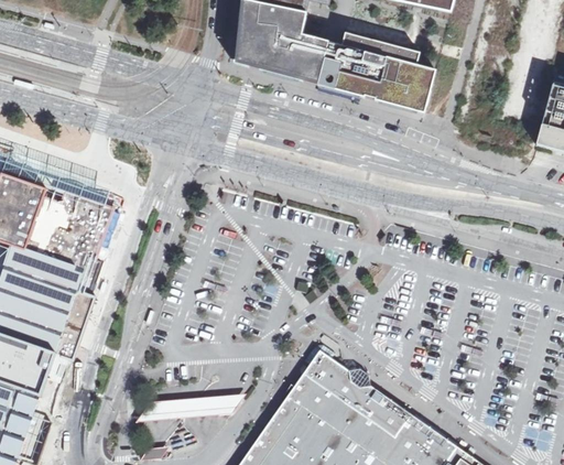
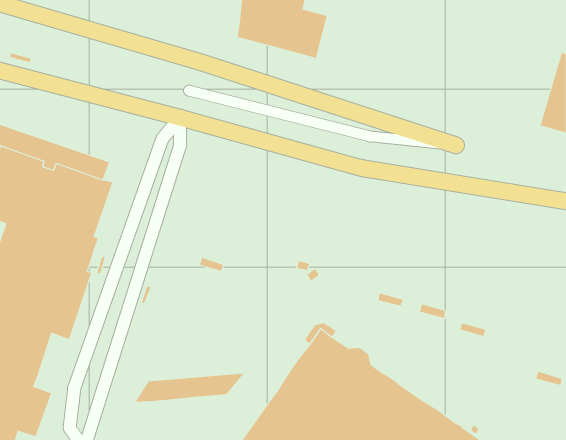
building: [313,33,434,112] -> none

